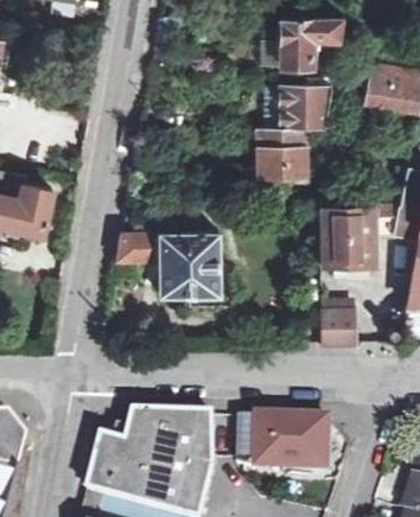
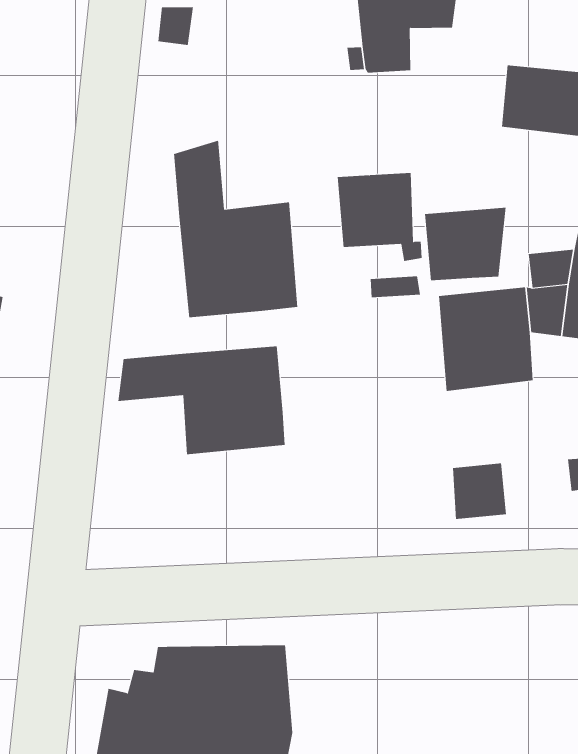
building: [280,88,331,130] -> [424,207,507,281]
building: none -> [173,140,298,318]
building: [238,419,327,471] -> none

